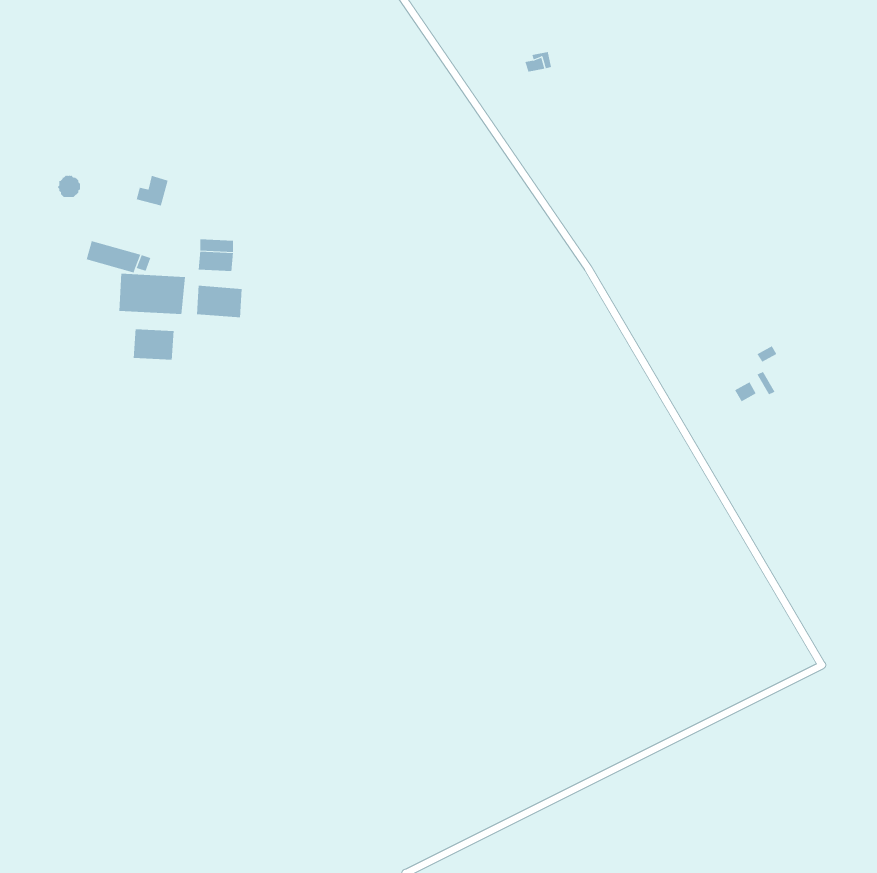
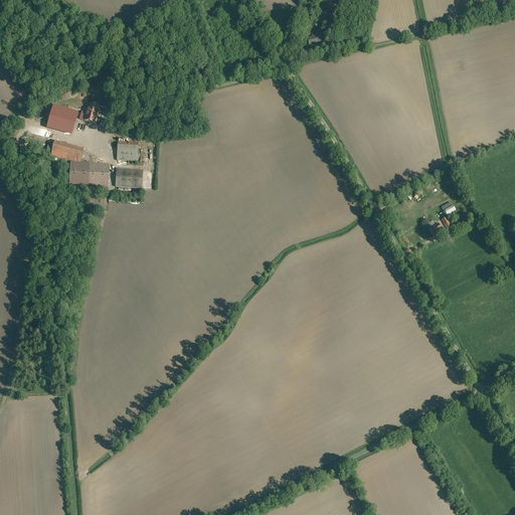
building: none -> [46,104,77,134]
building: [133,328,174,361] -> none

